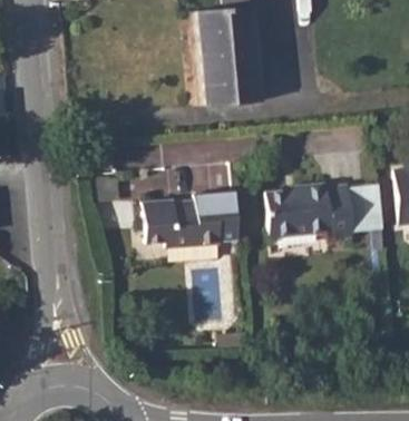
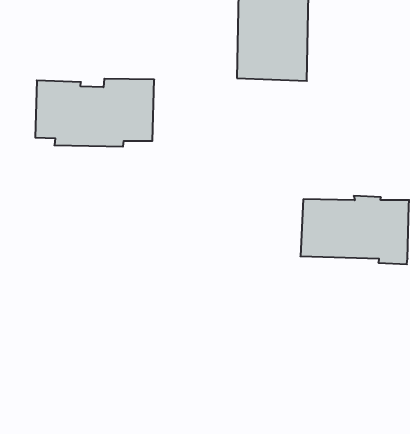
building: [144,188,238,247] -> [35,79,154,147]

